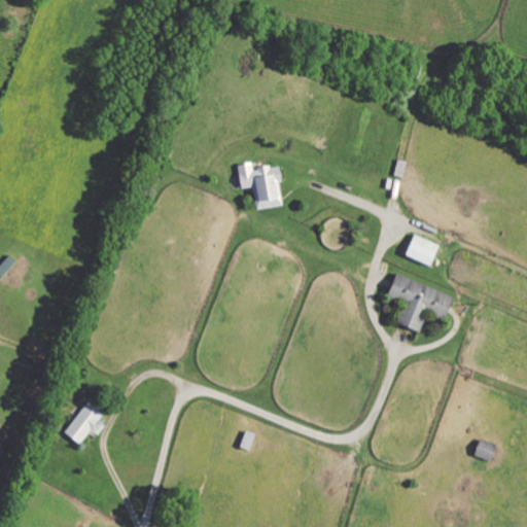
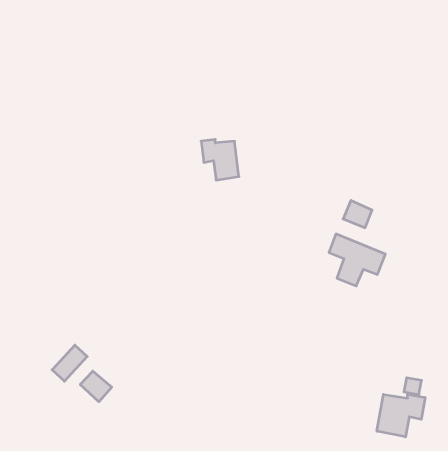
building: none -> [80,371,112,402]
building: none -> [377,394,425,437]

